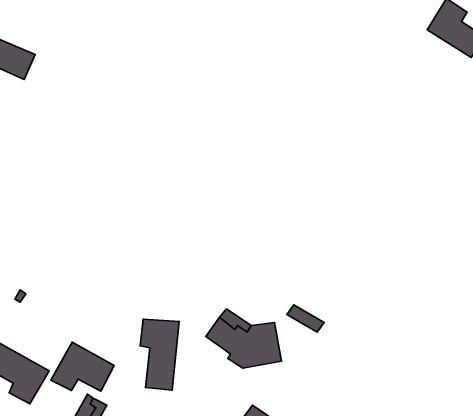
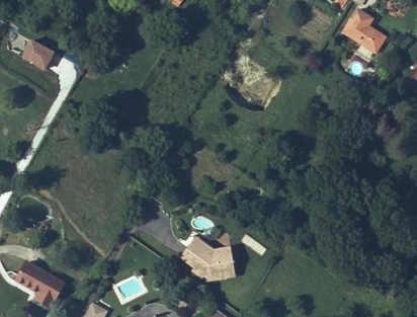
building: [140,319,179,390] -> none
building: [51,342,114,391] -> none

